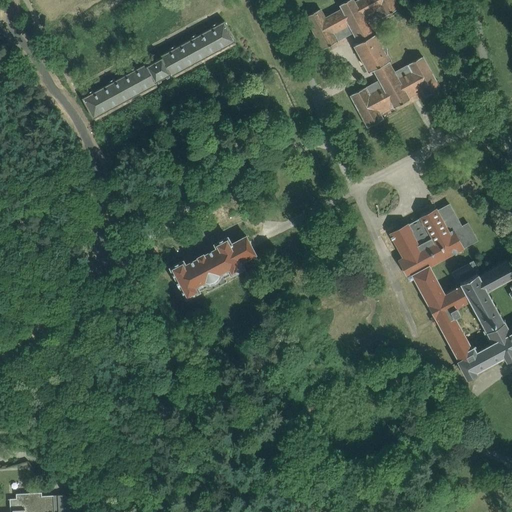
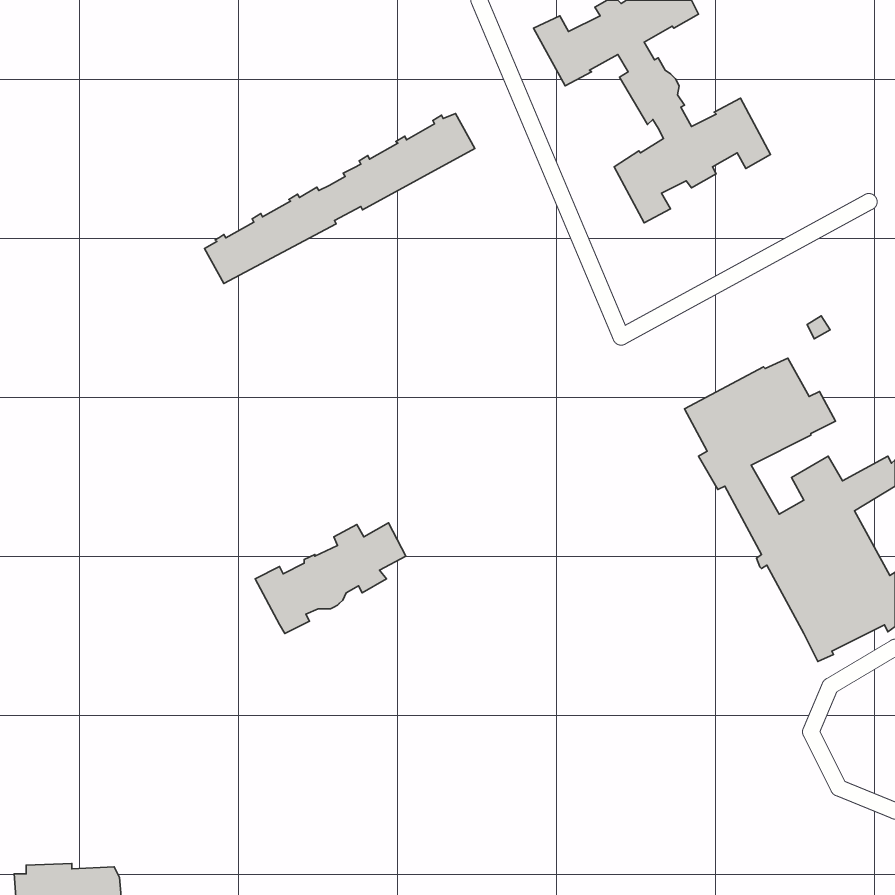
building: [81,22,235,119] -> [205,113,475,284]
building: [169,236,255,299] -> [255,523,406,633]

